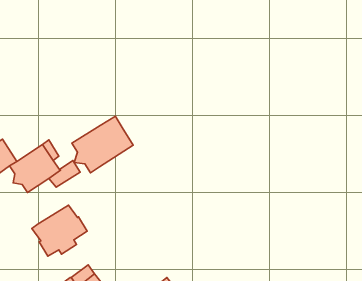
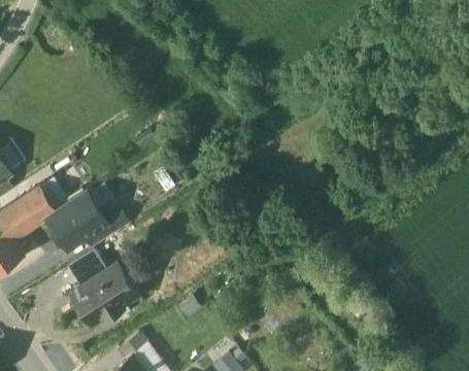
building: [72,116,133,173] -> none
building: none -> [67,246,107,283]

